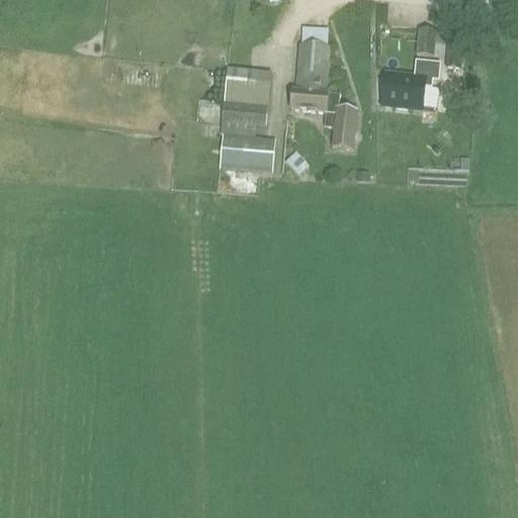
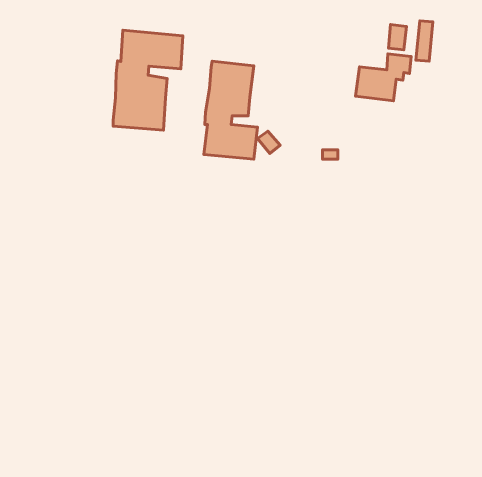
building: [290,24,356,148] -> none
building: none -> [113,30,183,130]

